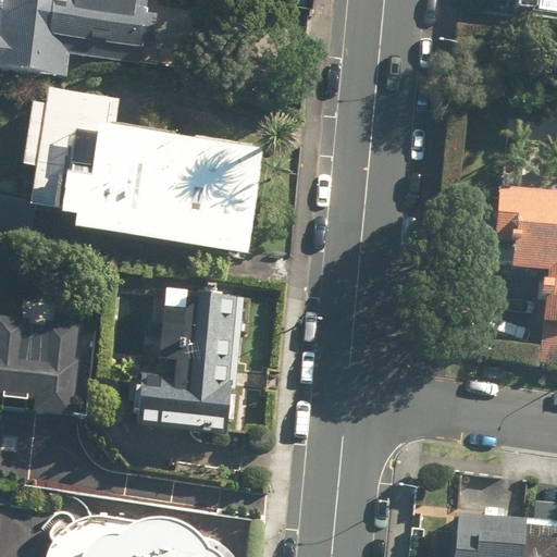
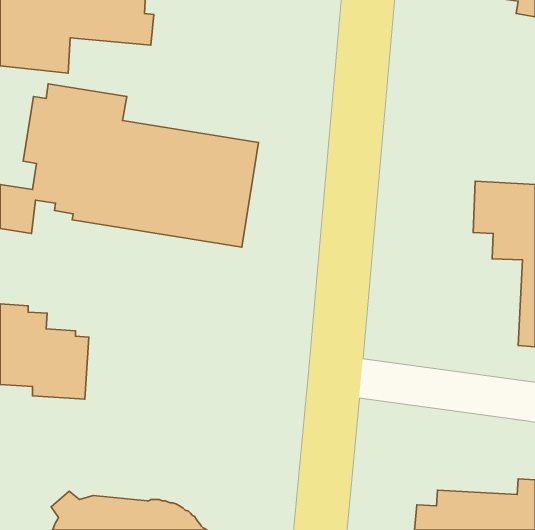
building: [138,288,238,417] -> none

